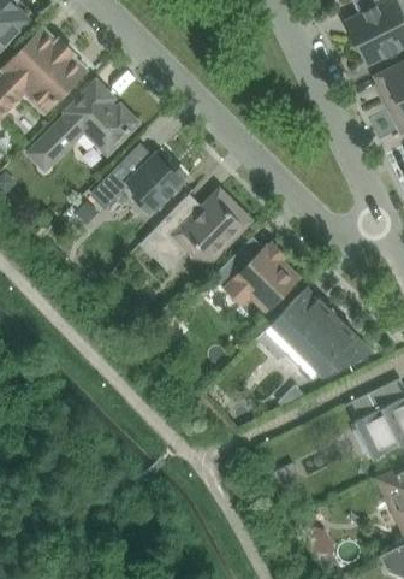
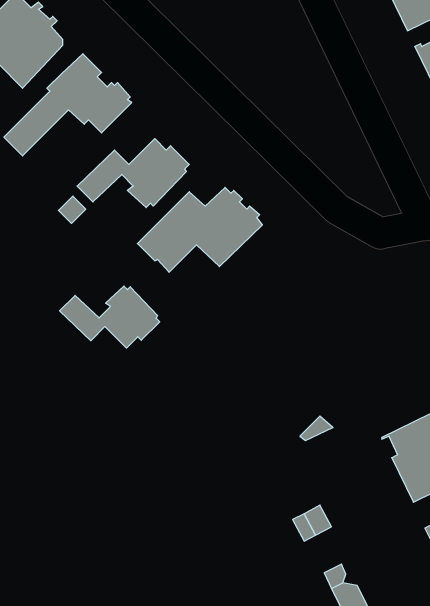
building: [214,244,299,309] -> none
building: none -> [60,286,160,348]
building: [272,289,369,374] -> none

